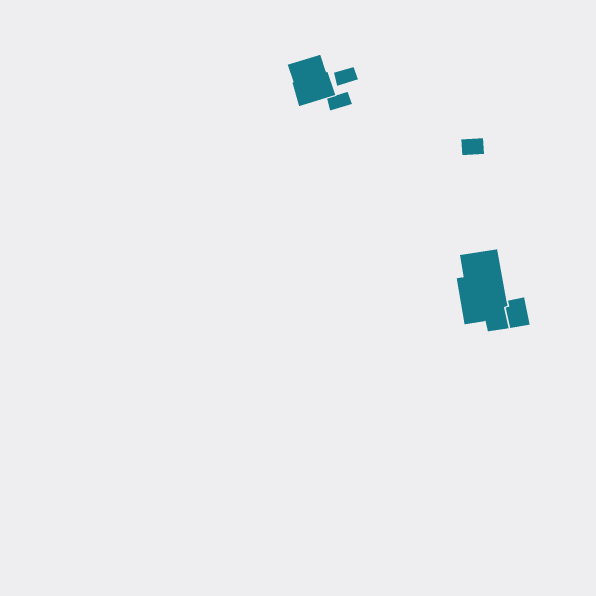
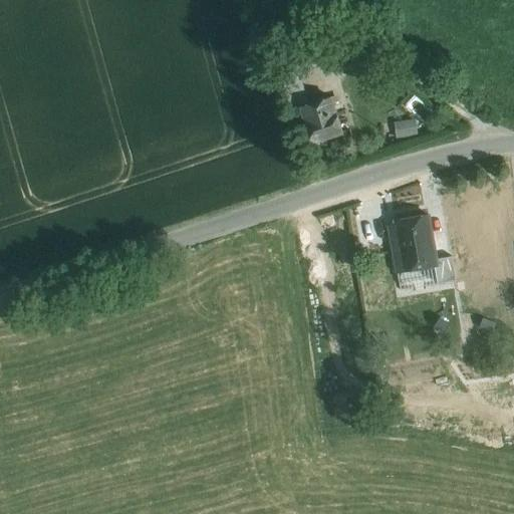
building: [287,54,336,107] -> [300,96,342,142]

